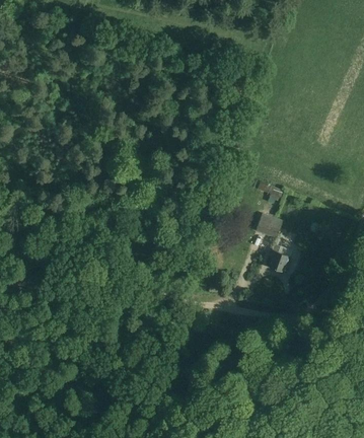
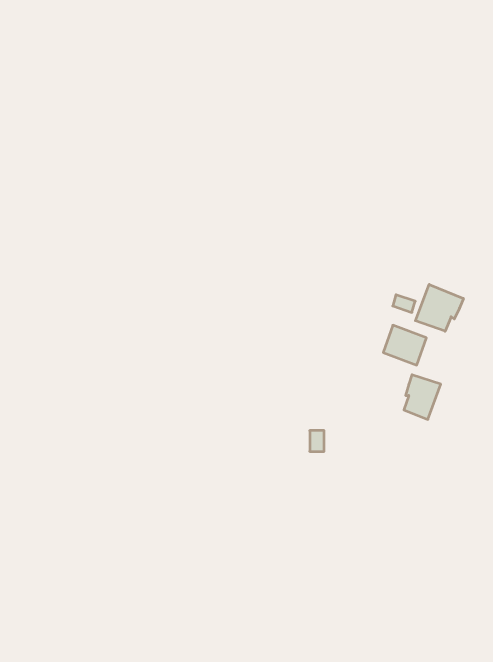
building: none -> [415,284,463,331]

